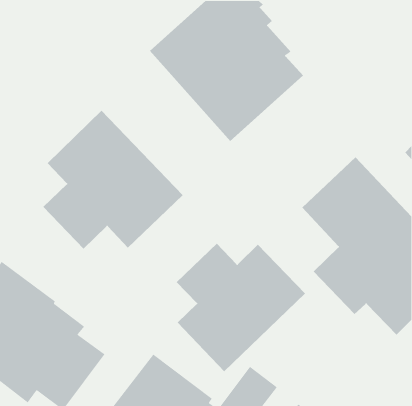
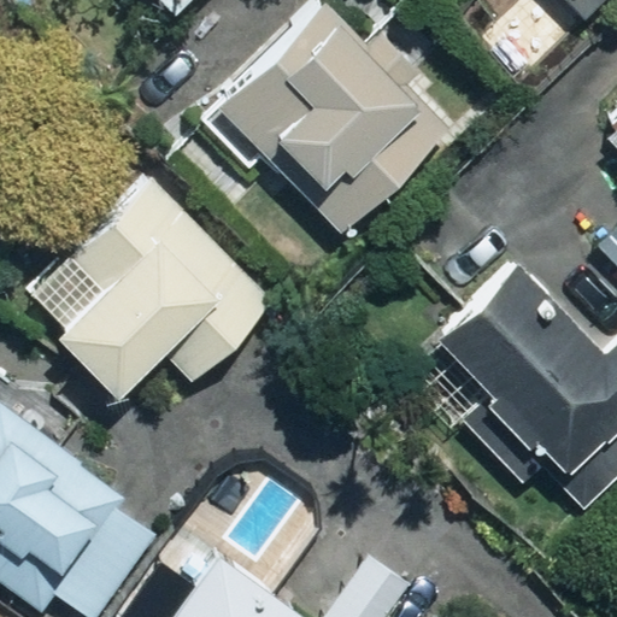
building: [176,243,306,372] -> none

